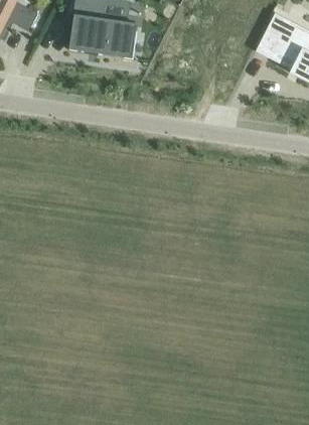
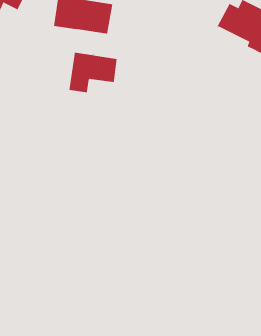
building: none -> [69,52,117,93]

